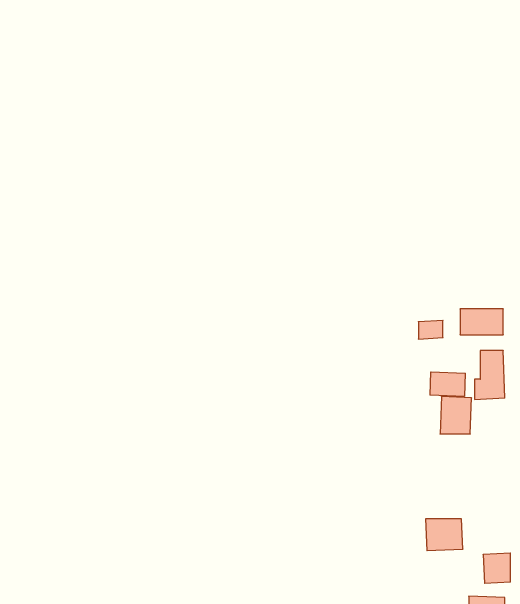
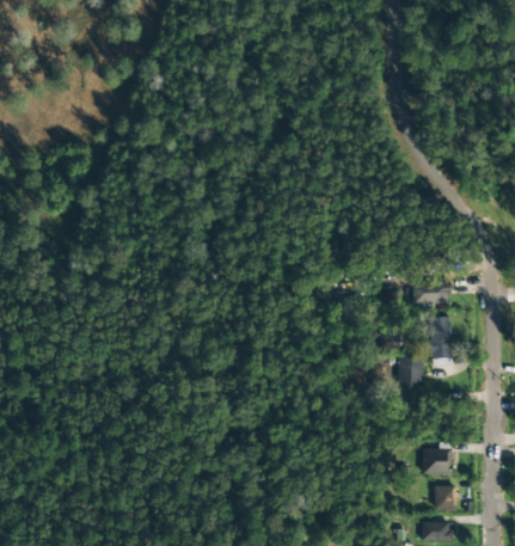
building: [430,372,465,396] -> none
building: [426,519,463,551] -> [423,449,454,476]

